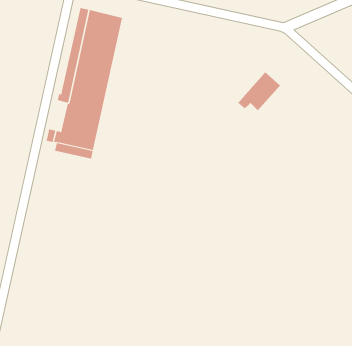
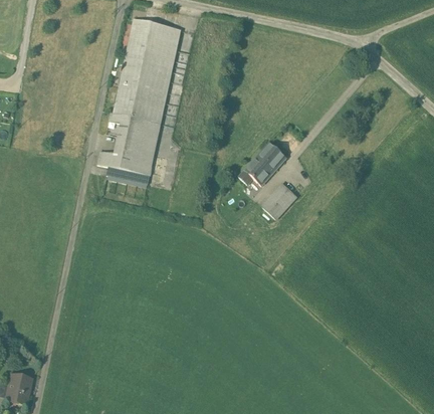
building: [238,72,281,111] -> [241,142,288,185]
building: none -> [264,188,294,218]

